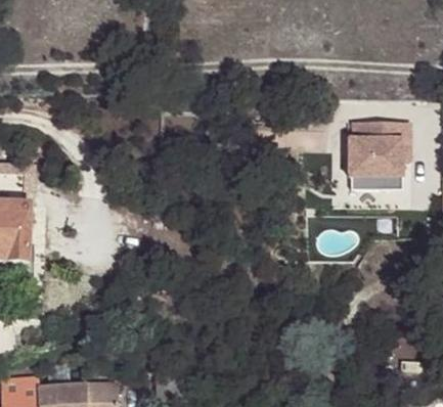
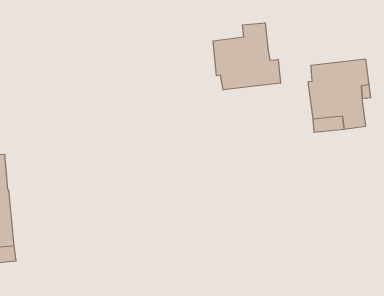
building: none -> [213,23,280,90]

